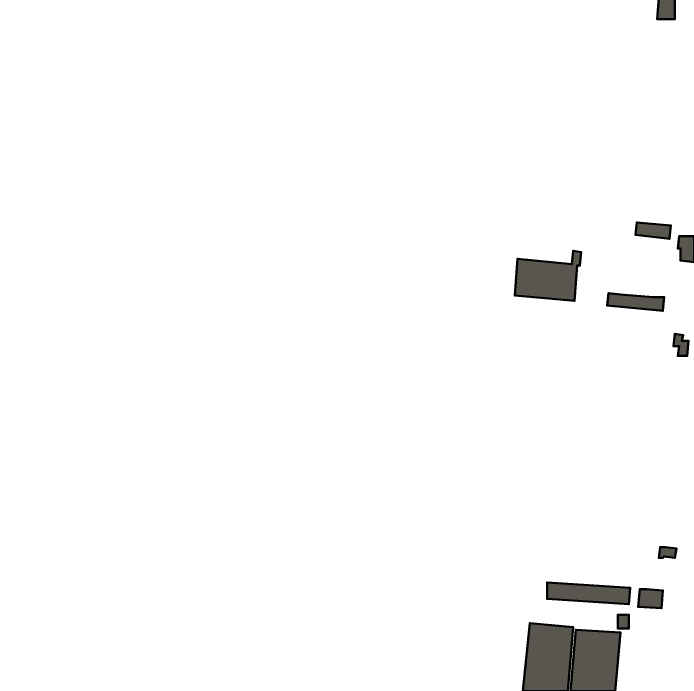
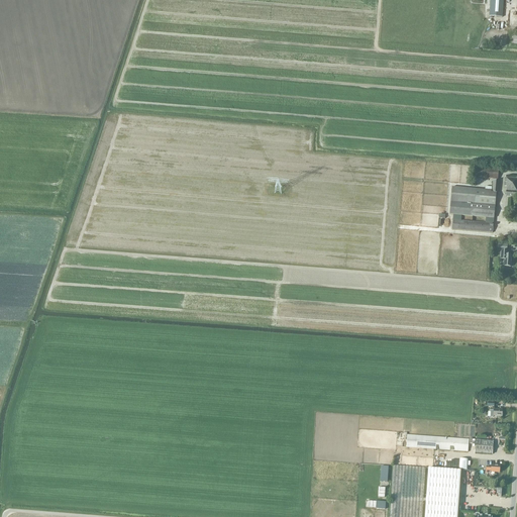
building: [515,251,581,301] -> [449,179,499,216]

